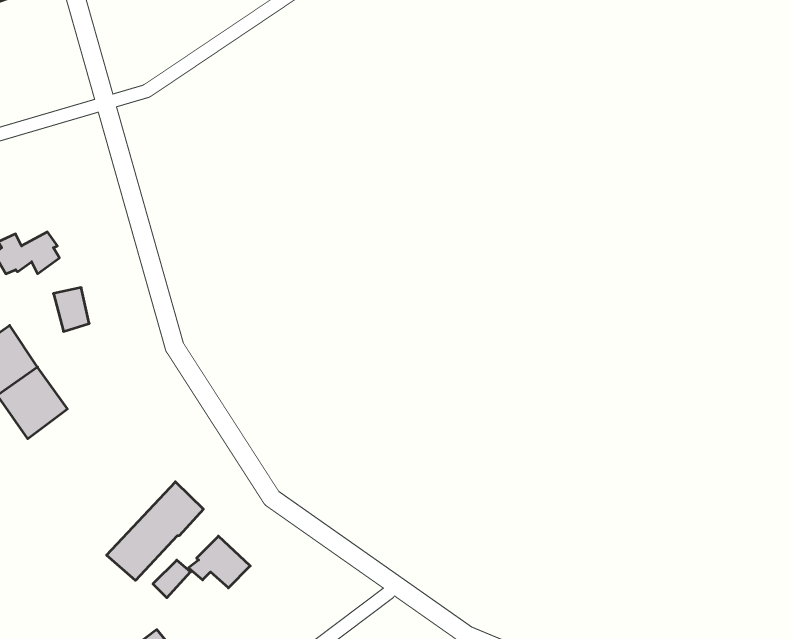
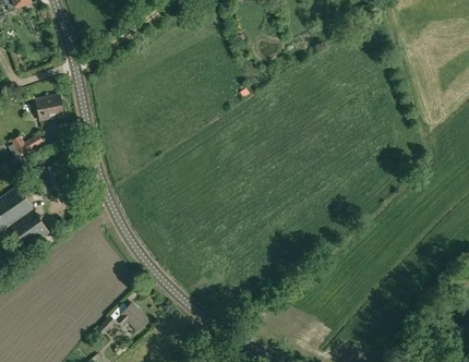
building: none -> [36,95,63,119]
building: [107,482,203,580] -> none

